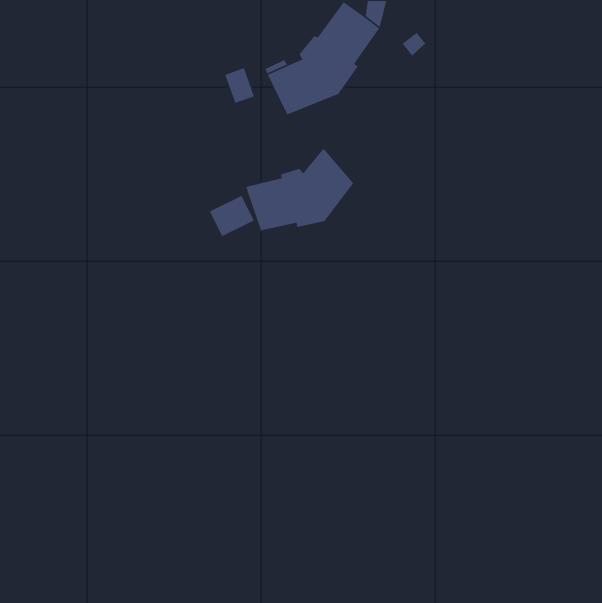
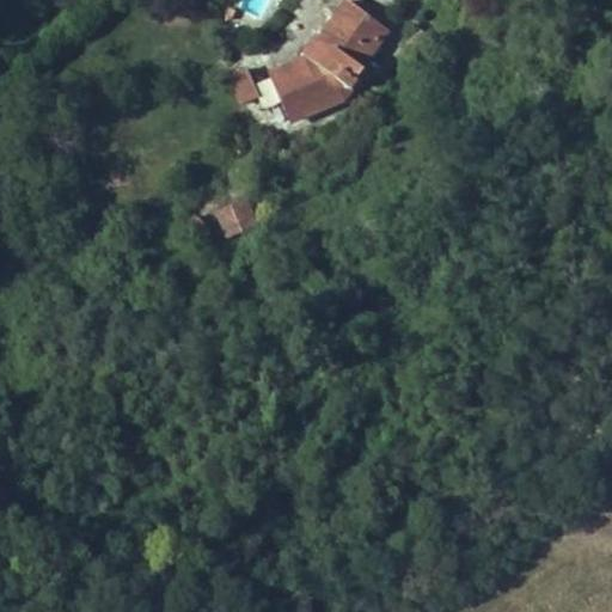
building: [245,147,354,231] -> none

